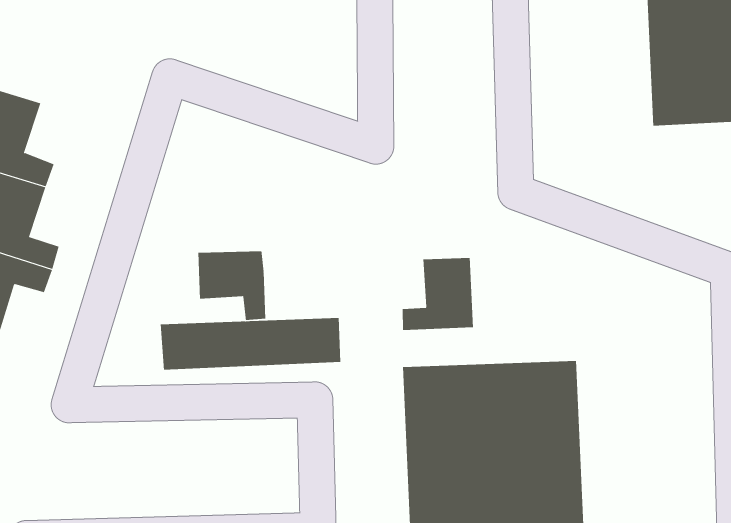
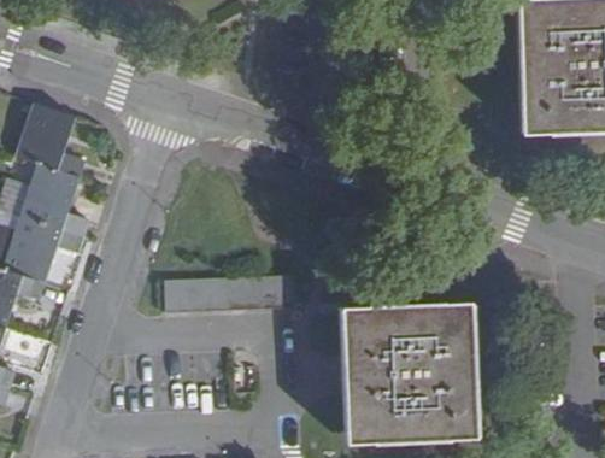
building: [198,251,266,321] -> none
building: [402,257,473,331] -> none

